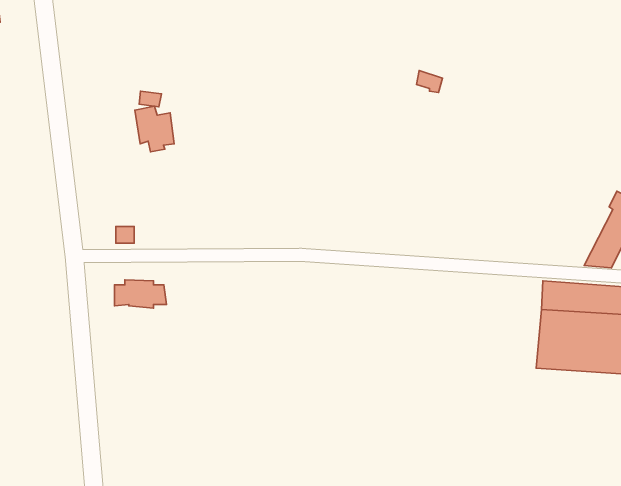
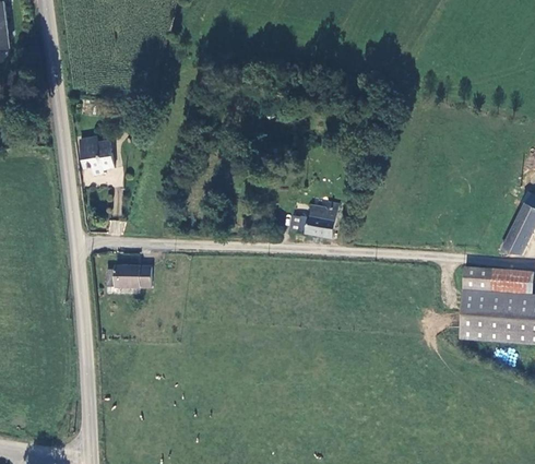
building: [135,106,174,152] -> [79,136,111,175]
building: none -> [298,201,336,236]

